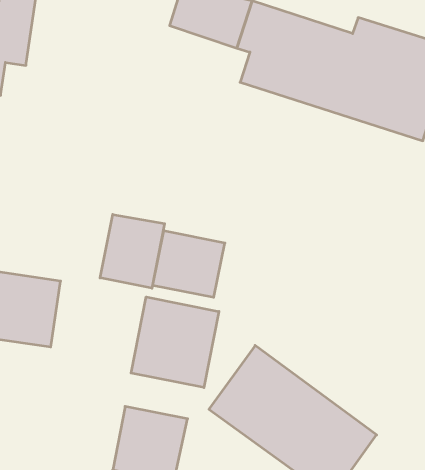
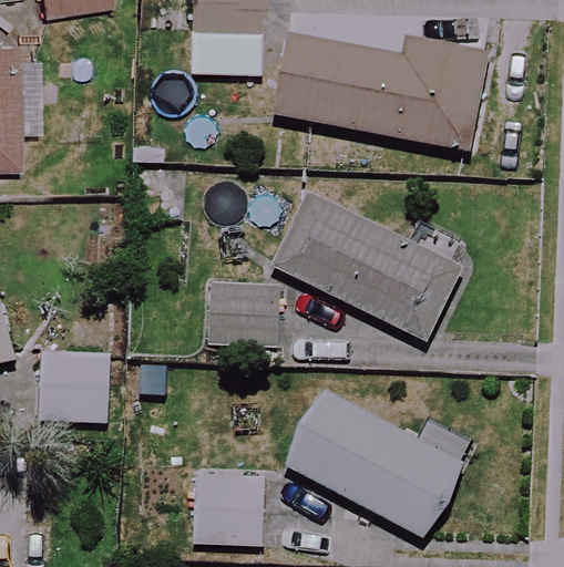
building: none -> [271,192,461,339]
building: [100,214,165,288] -> none
building: [131,297,219,388] -> none

